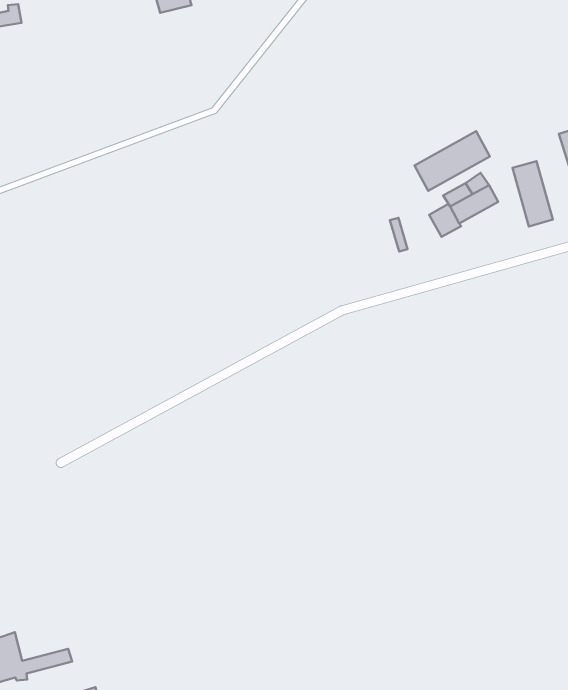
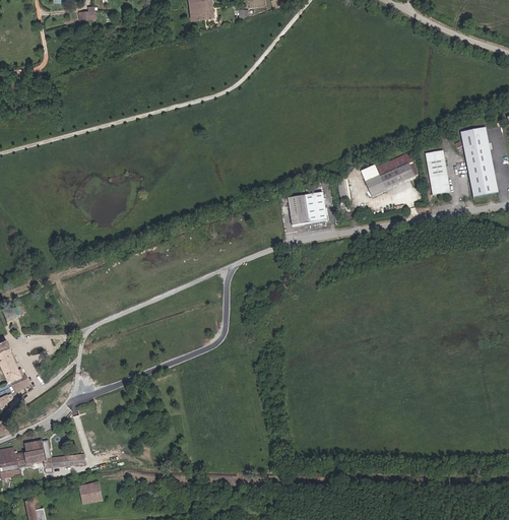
building: [414,131,490,191] -> none
building: none -> [287,192,326,224]

